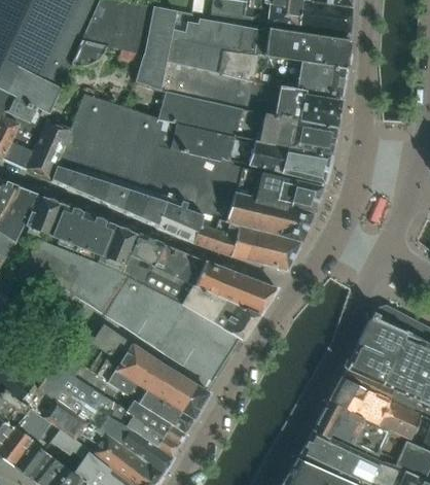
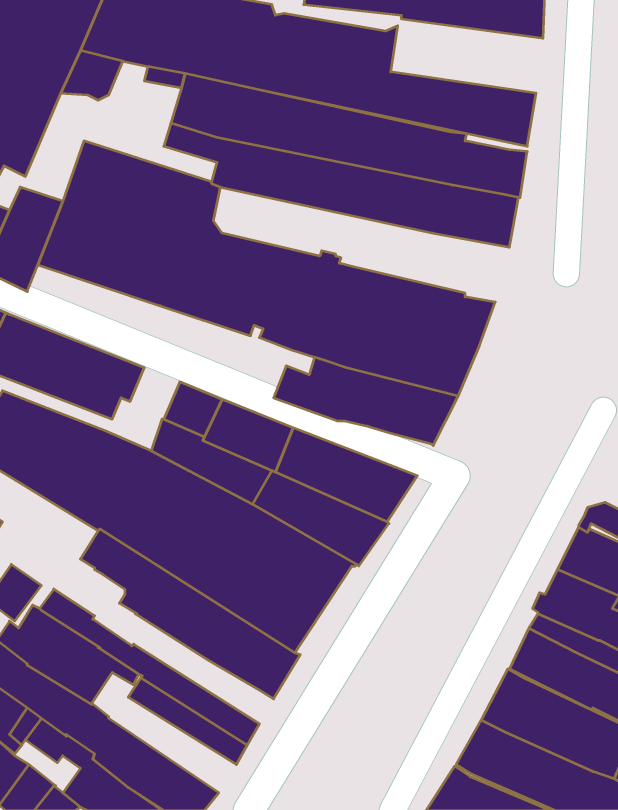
building: [262,27,350,66] -> none
building: [159,120,331,183] -> none
building: [51,166,205,243] -> none
building: [98,226,140,274] -> none
building: [86,346,194,432] -> none
building: [99,415,173,473] -> none

